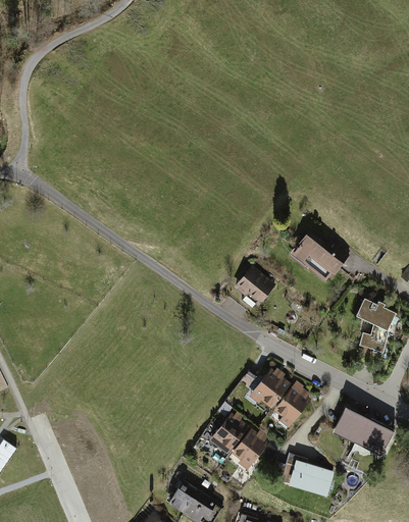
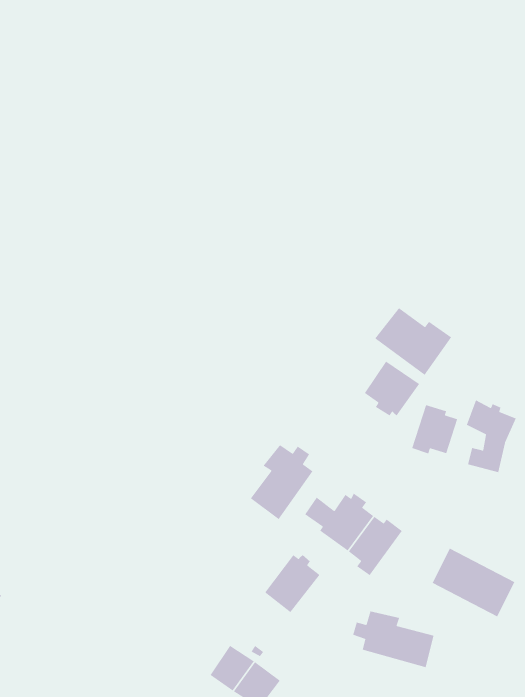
building: [233,265,274,307] -> [364,360,420,417]
building: none -> [411,404,458,455]
building: none -> [250,444,314,520]
building: [227,428,267,471] -> none

